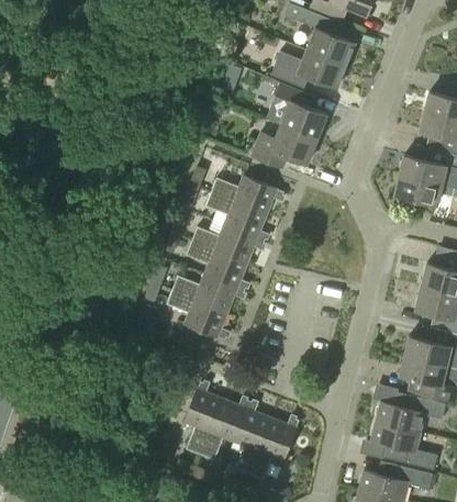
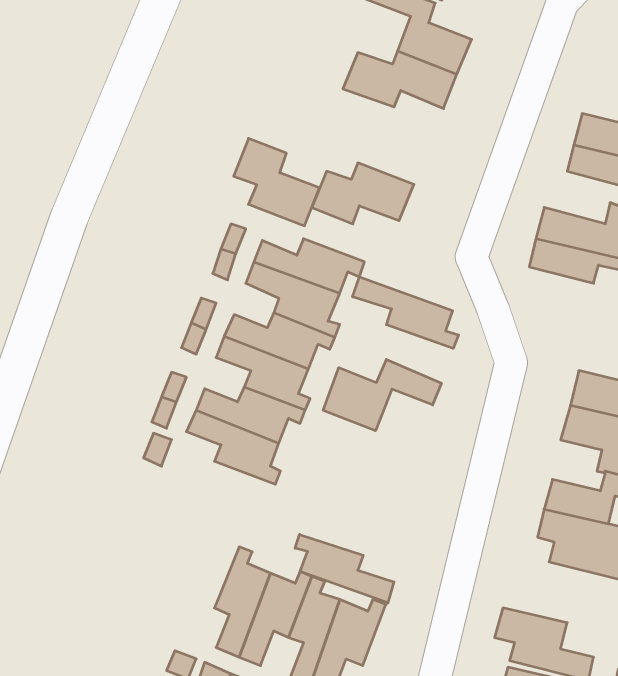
building: [270,81,327,140] -> [234,138,319,226]
building: none -> [353,277,459,348]
building: none -> [323,359,441,431]
building: none -> [295,534,394,603]
building: [377,392,446,432] -> none

